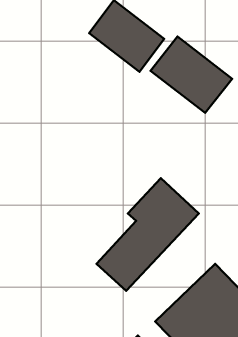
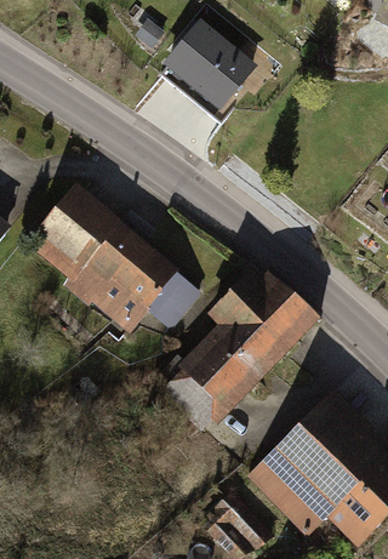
building: [150,37,232,113] -> none
building: none -> [27,184,196,330]

